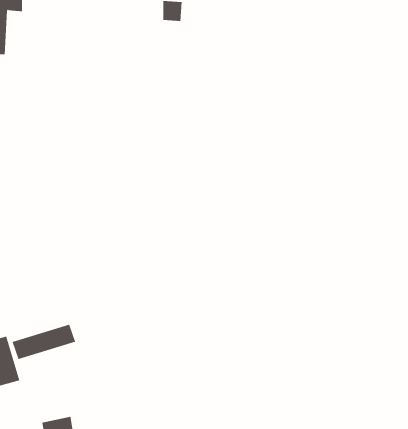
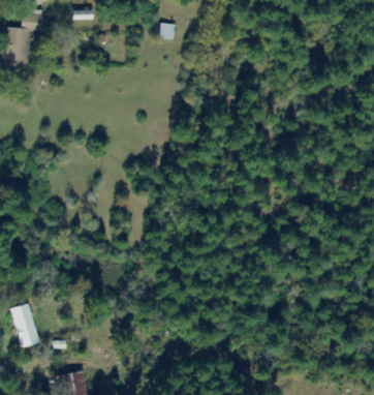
building: [12,324,76,360] -> none

